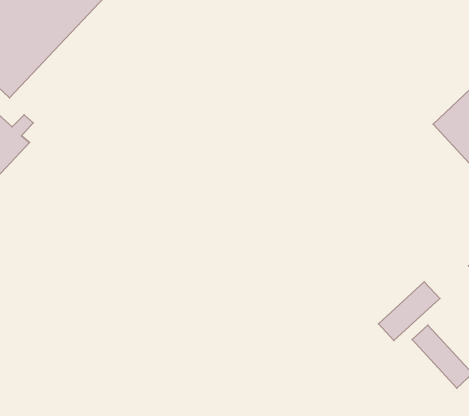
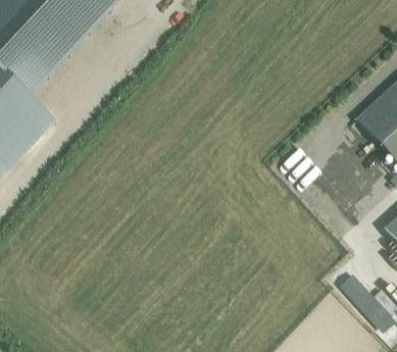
building: [378,282,440,341] -> none

